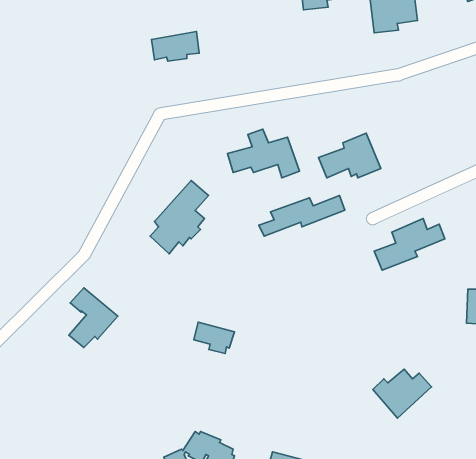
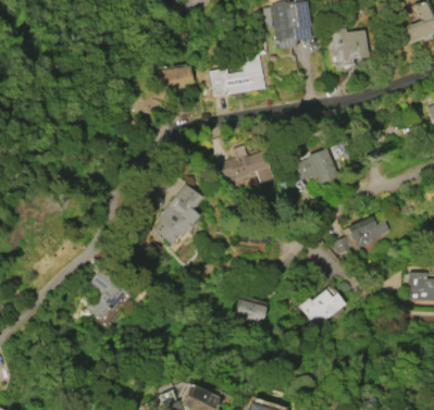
building: none -> [210,54,263,97]
building: [259,195,345,236] -> none
building: [194,322,235,354] -> [236,299,269,324]
building: [373,369,431,418] -> [299,289,346,328]

